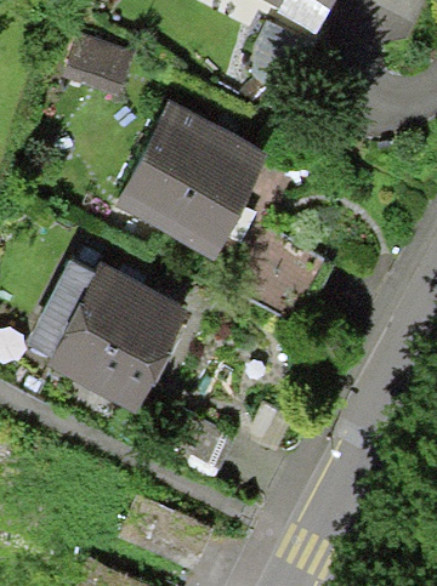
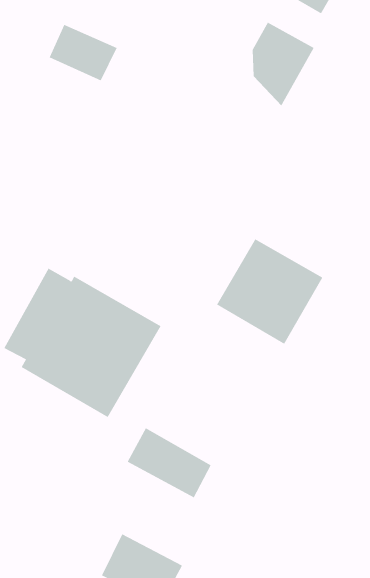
building: [125,112,266,248] -> none

